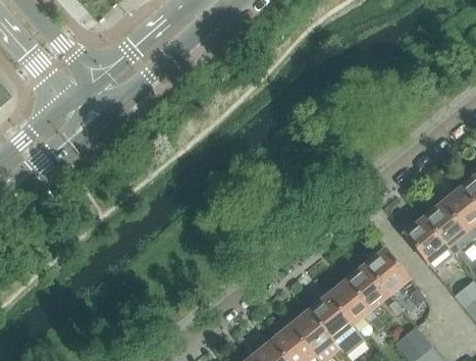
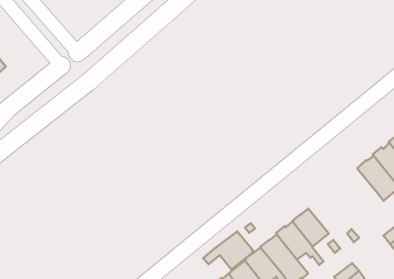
building: [403,216,447,262] -> none
building: [364,248,411,293] -> none
building: none -> [203,232,253,269]

